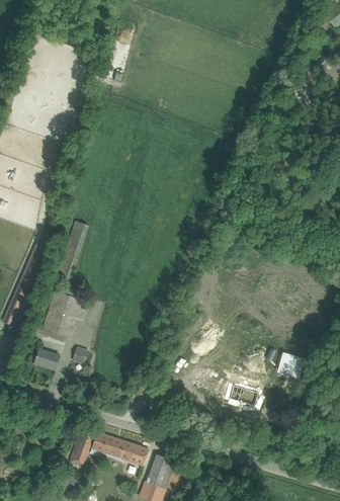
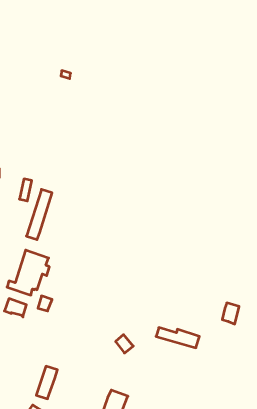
building: [88,431,147,465] -> none

